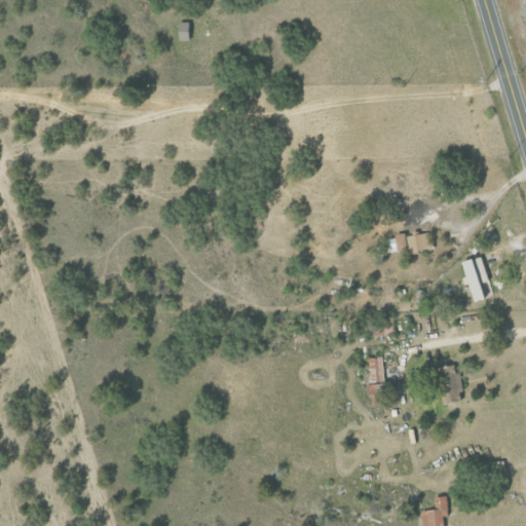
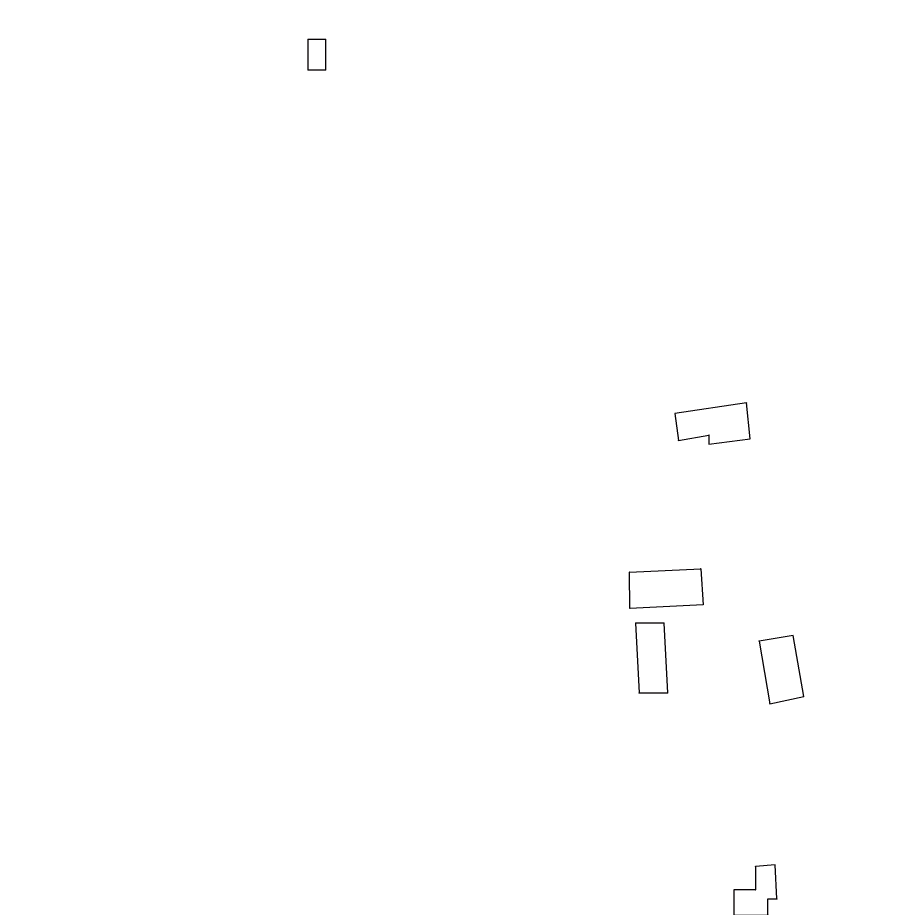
building: [460,256,493,303] -> none
building: none -> [630,569,703,608]

